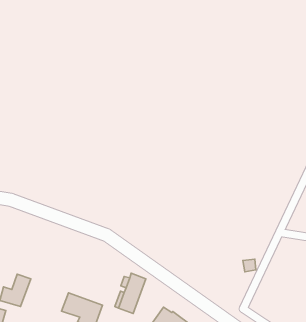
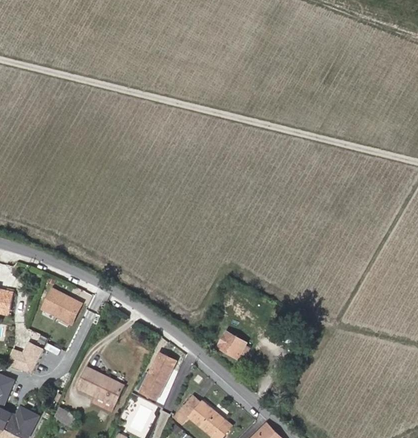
building: none -> [43,289,86,324]
building: none -> [215,330,246,359]

